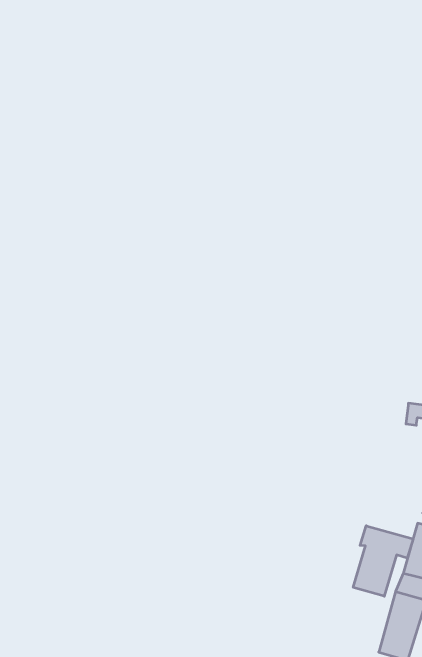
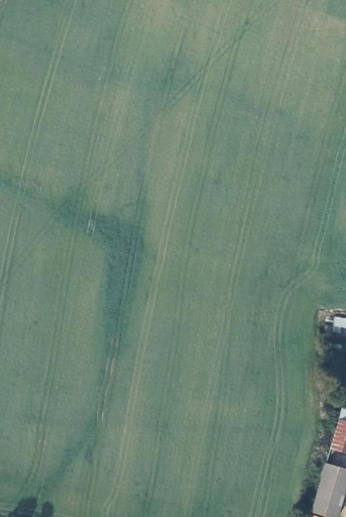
building: [353,526,413,596] -> none

